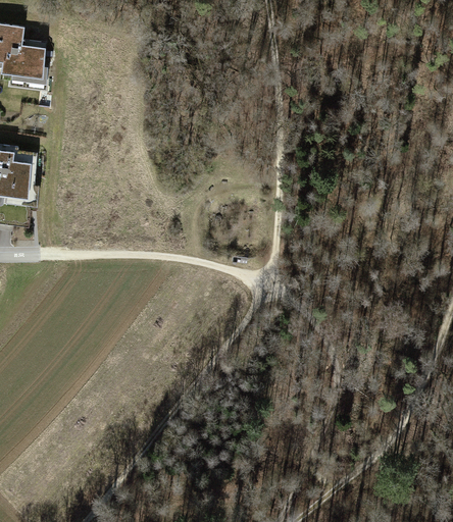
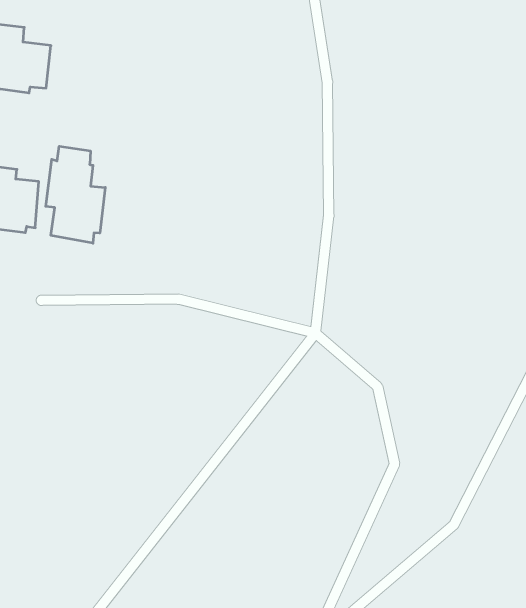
building: none -> [46,146,105,243]

